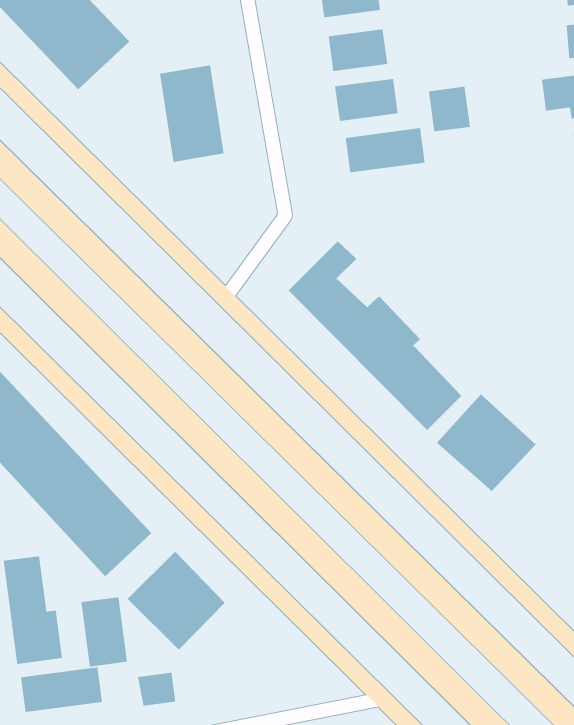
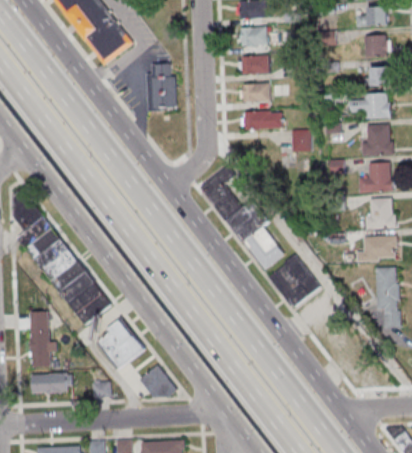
building: [428,86,471,132] -> [291,129,311,151]
building: [81,597,127,667] -> none
building: none -> [139,364,177,404]

